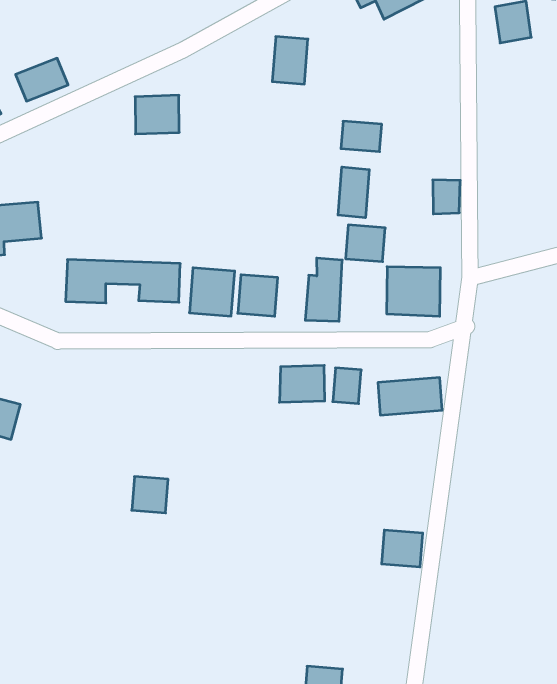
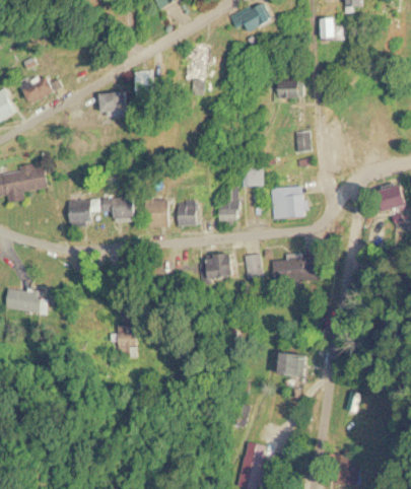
building: none -> [133,69,158,92]
building: [341,121,382,152] -> [279,80,303,97]
building: [338,167,369,218] -> none

